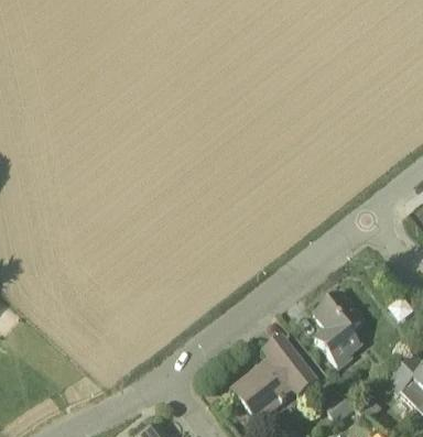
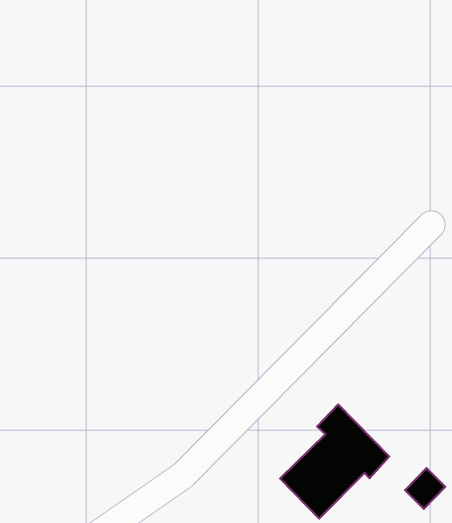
building: [314,291,364,367] -> none

